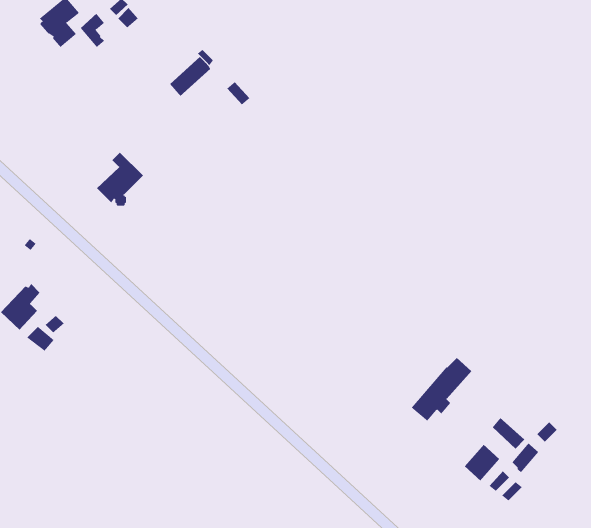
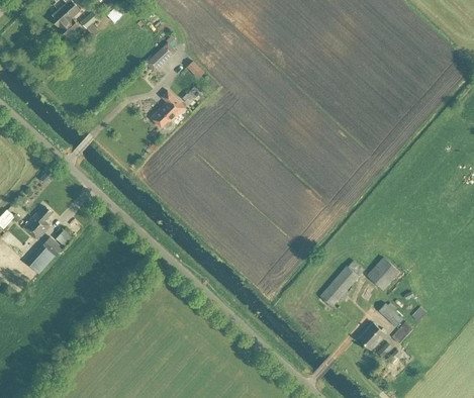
building: [96,152,144,206] -> [150,91,184,130]
building: none -> [26,245,55,274]
building: none -> [366,257,399,290]

